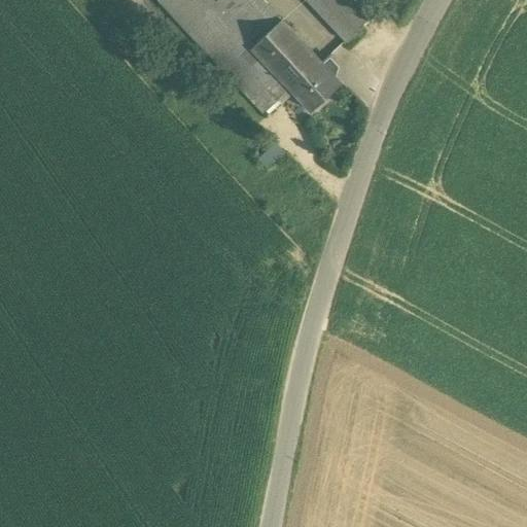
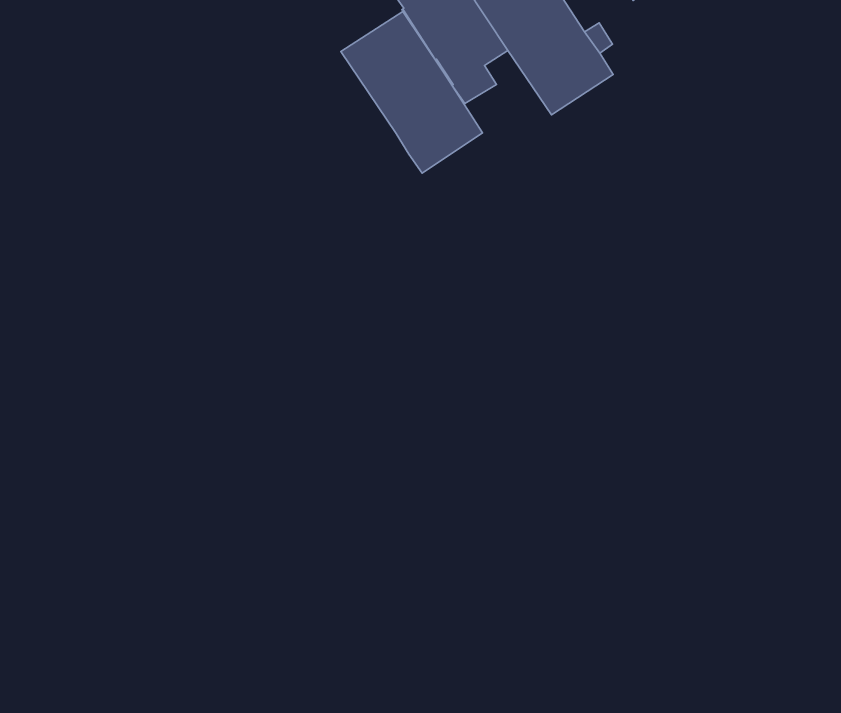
building: none -> [341,11,482,173]

